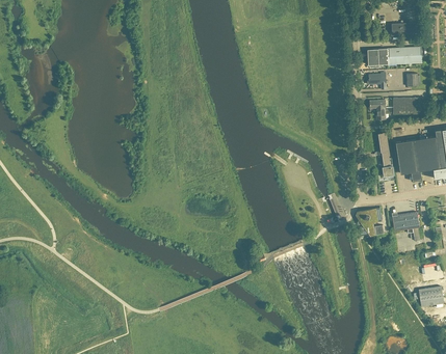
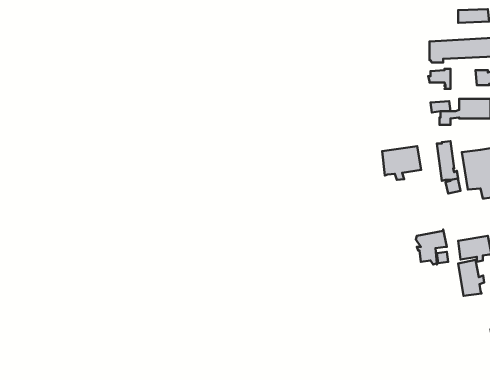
building: none -> [382,146,421,180]
building: none -> [458,260,484,296]

